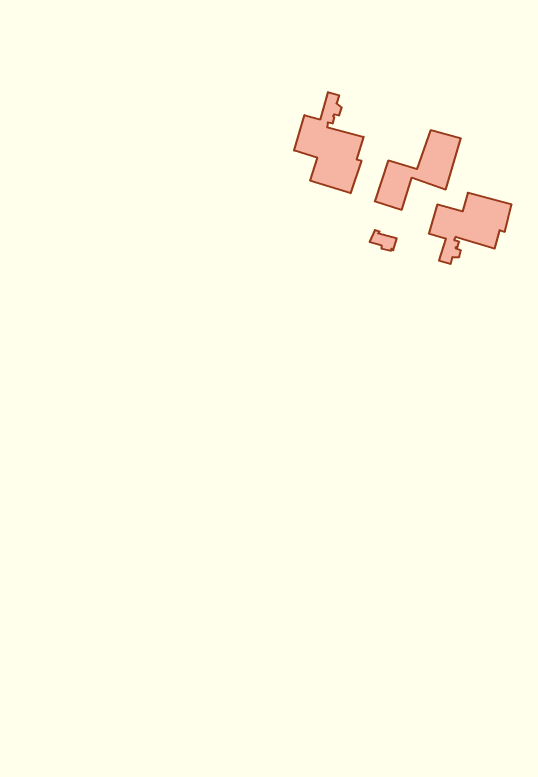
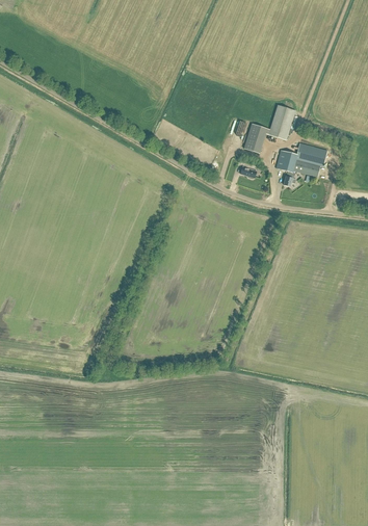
building: [294,92,364,193] -> none

